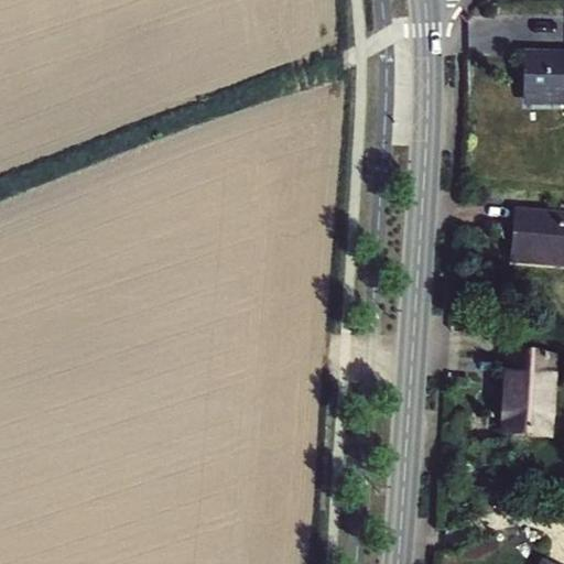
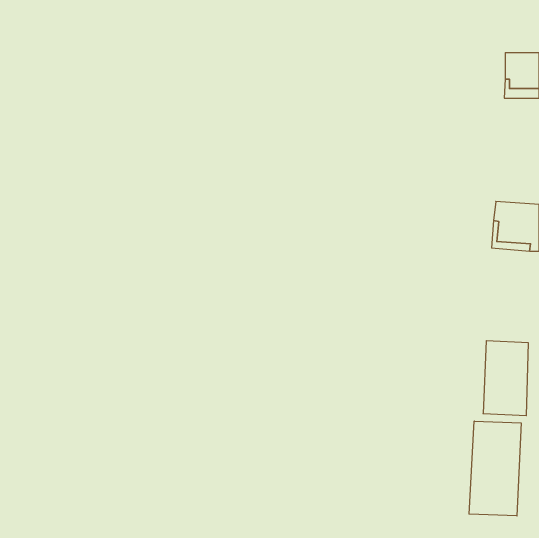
building: none -> [469,421,521,516]

